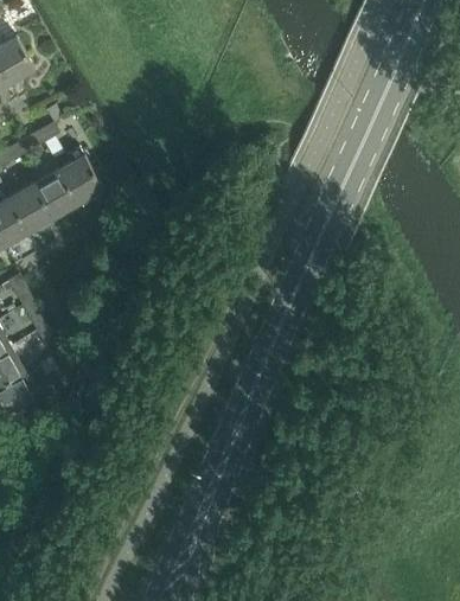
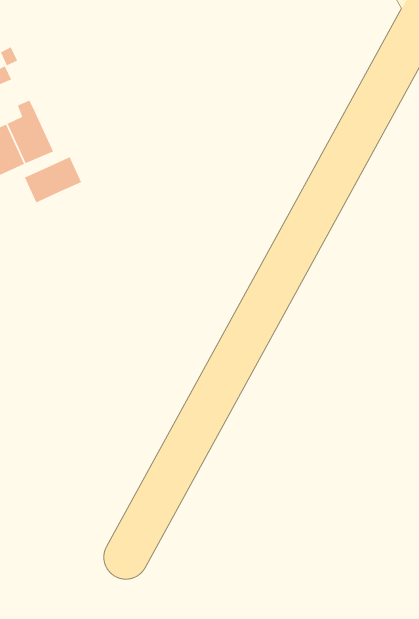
building: none -> [24,156,82,203]

